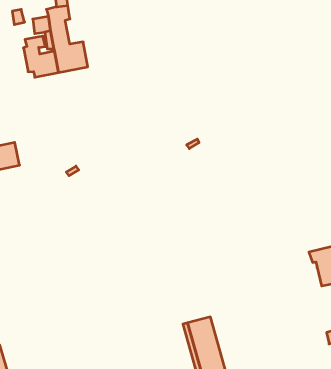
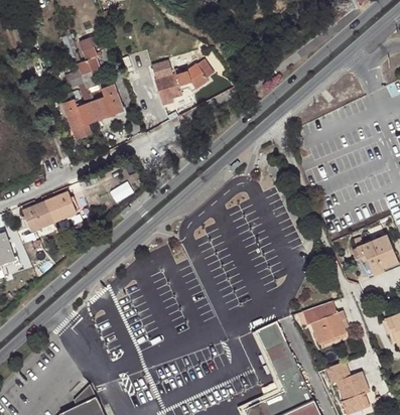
building: none -> [153,62,210,105]
building: none -> [304,301,347,343]

